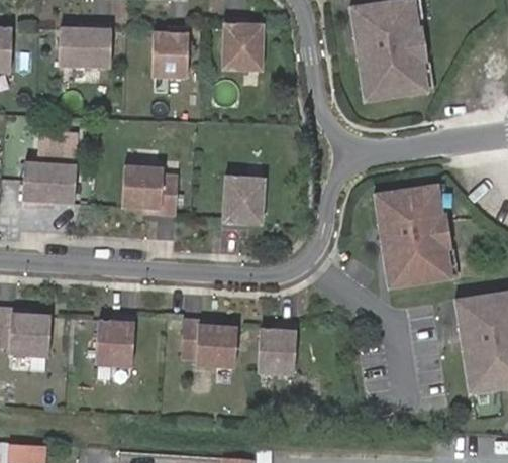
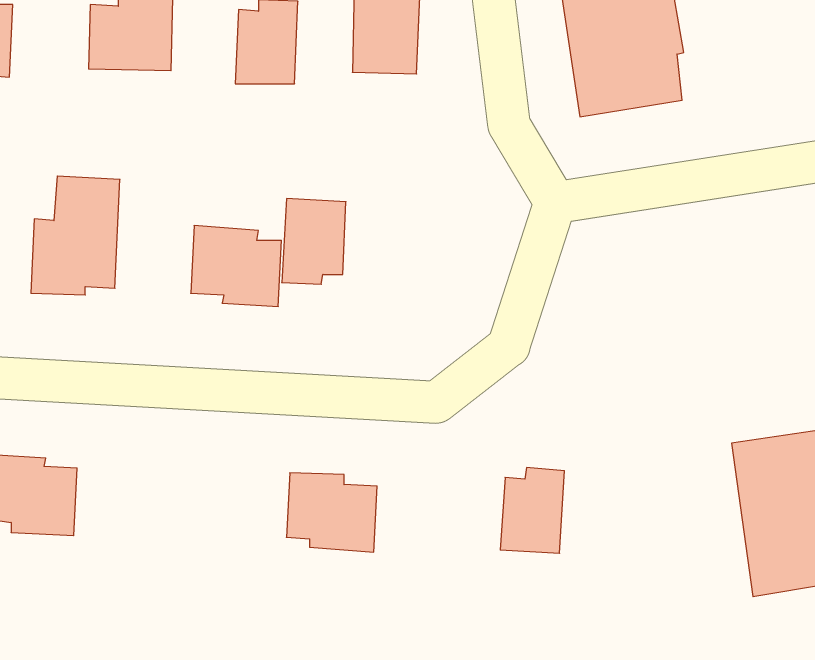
building: [223,177,263,229] -> [282,199,346,284]
building: [374,194,451,297] -> none
building: [99,315,137,366] -> none
building: [256,322,295,374] -> [500,468,564,553]

